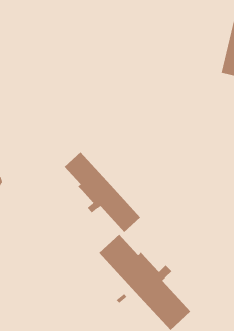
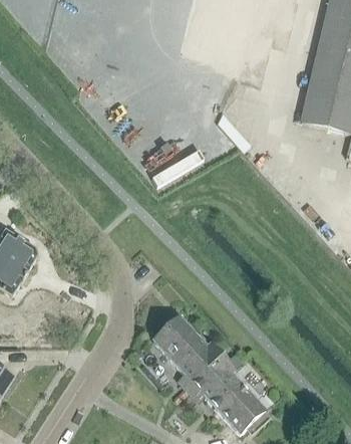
building: [64,152,141,233] -> none

